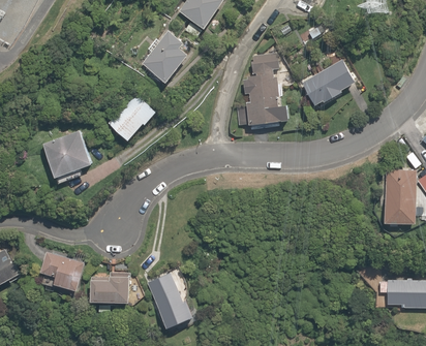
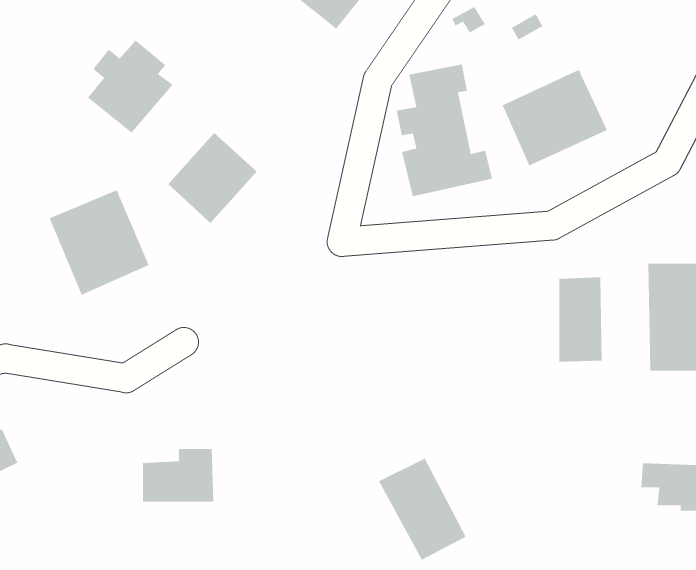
building: [141,29,190,83] -> [87,40,173,133]
building: none -> [559,277,602,363]
building: [40,251,85,291] -> none
building: [147,272,197,331] -> [378,458,466,560]

